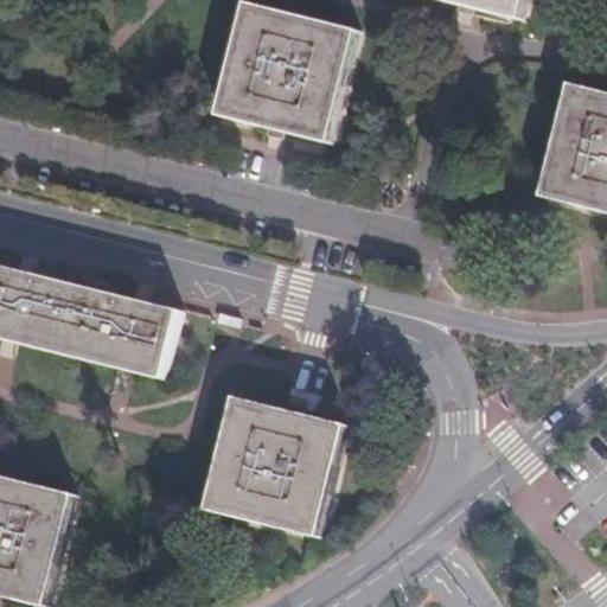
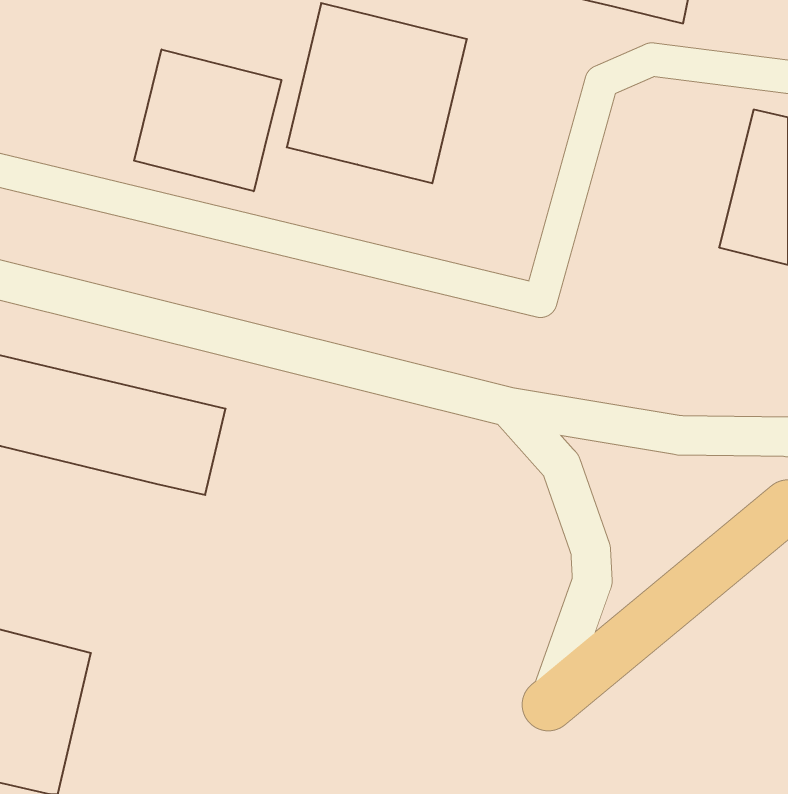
building: none -> [134,49,281,191]
building: [207,398,339,531] -> none

